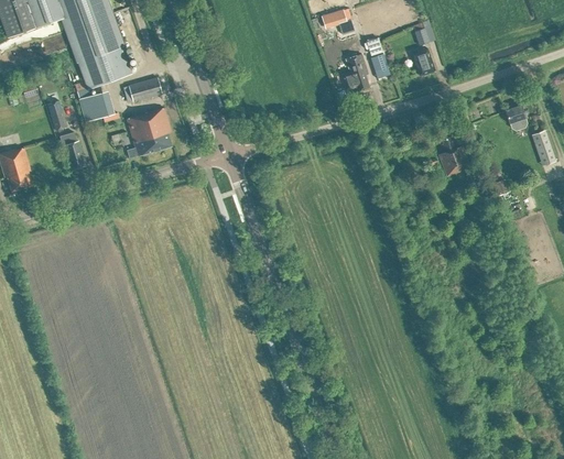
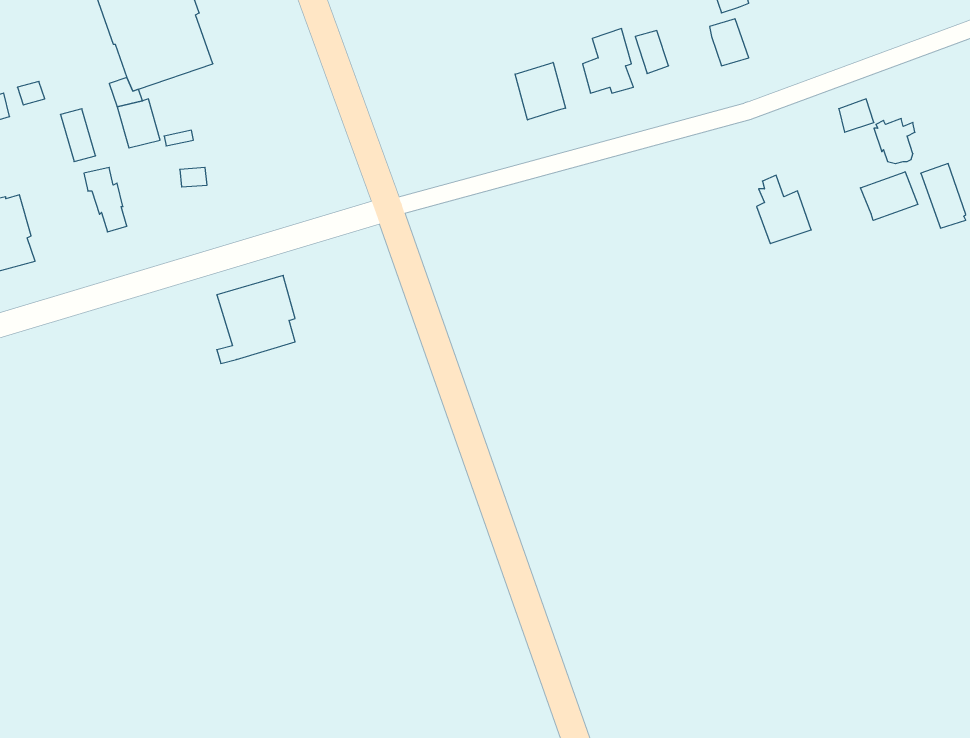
building: none -> [515,62,566,120]
building: [128,77,162,101] -> none
building: [127,108,171,157] -> [217,275,295,363]
building: none -> [860,172,918,220]

